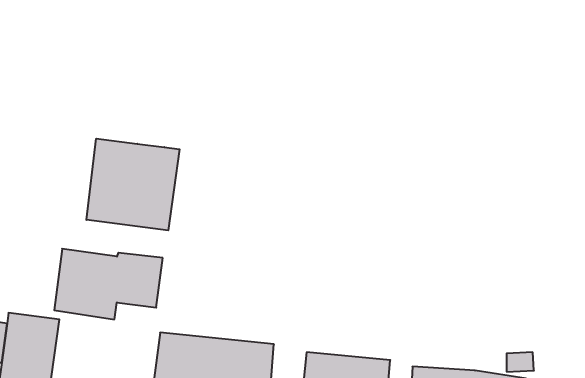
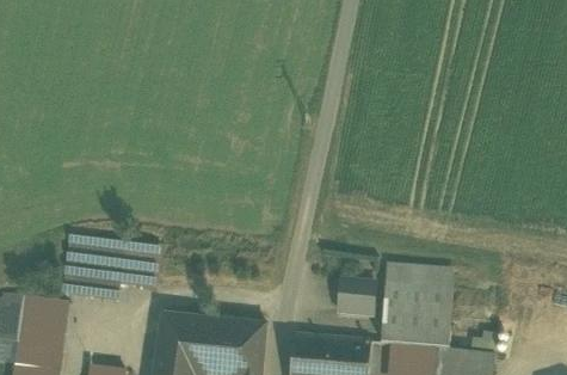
building: [86,139,180,230] -> none
building: none -> [382,263,454,348]
building: none -> [337,276,378,318]

